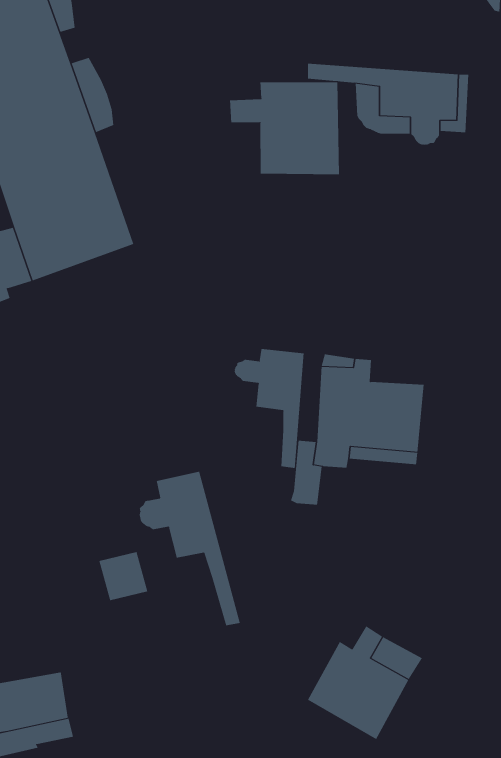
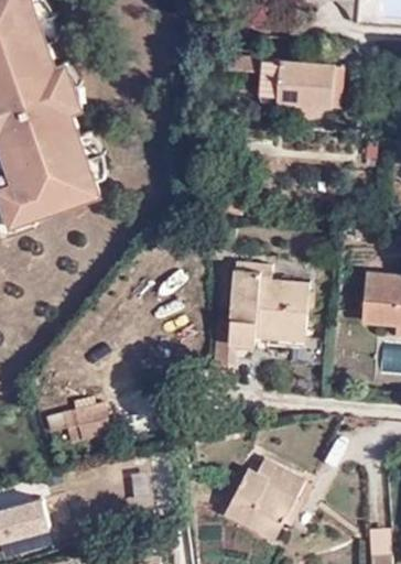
building: [230,82,340,175] -> none
building: [234,348,304,469] -> none
building: [139,471,240,626] -> none

